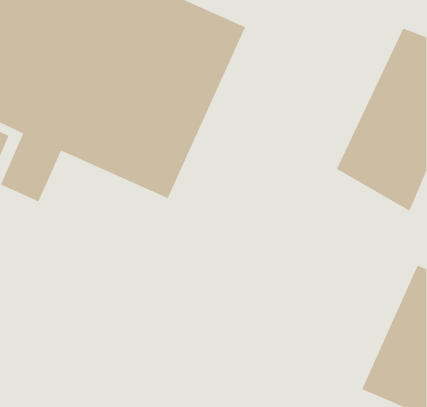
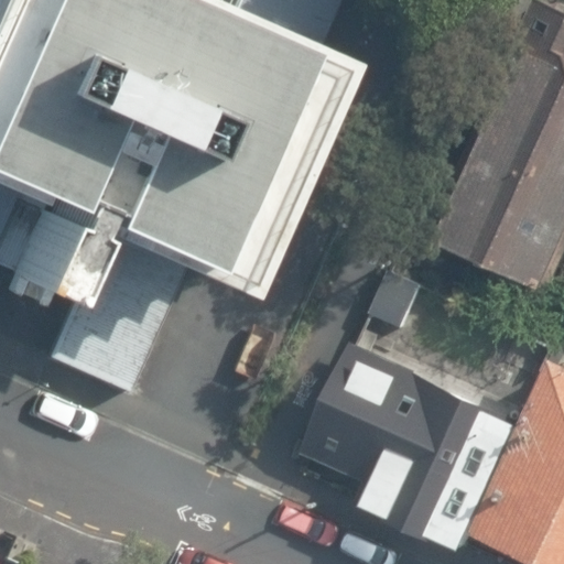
building: none -> [43,245,184,401]
building: none -> [334,377,510,545]

